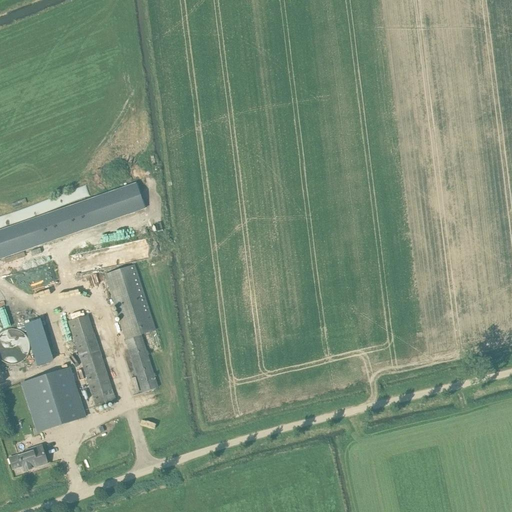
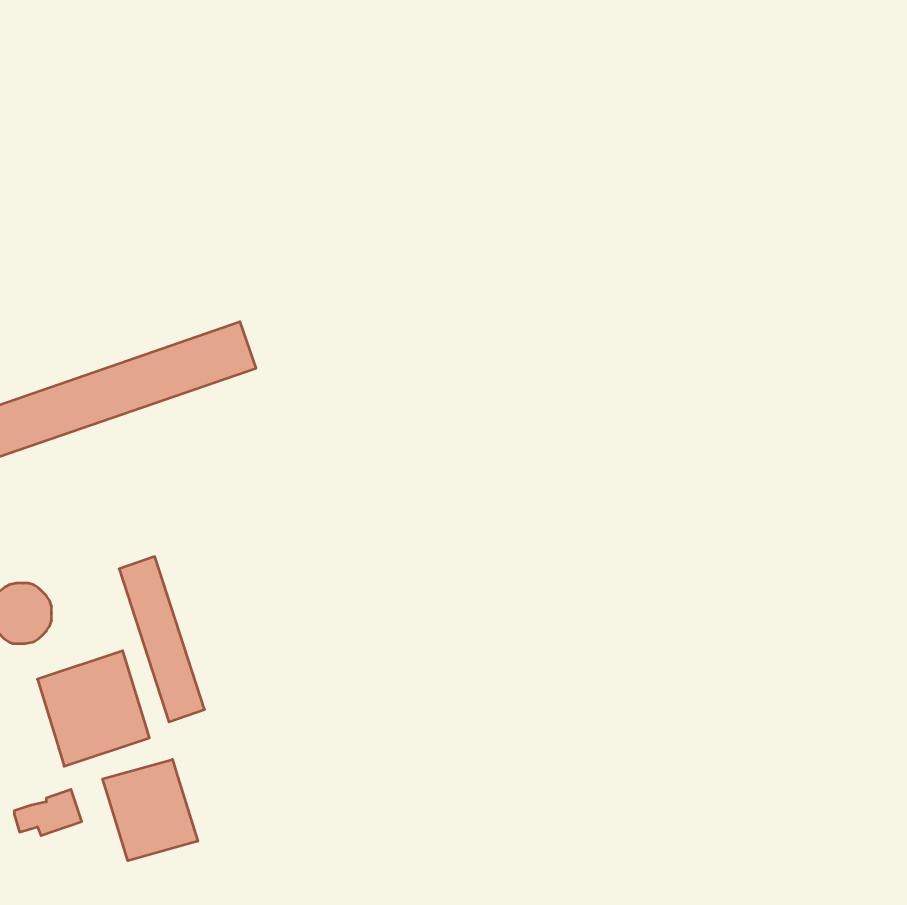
building: [103,264,157,390] -> none
building: [25,316,56,364] -> none
building: none -> [103,759,198,861]

